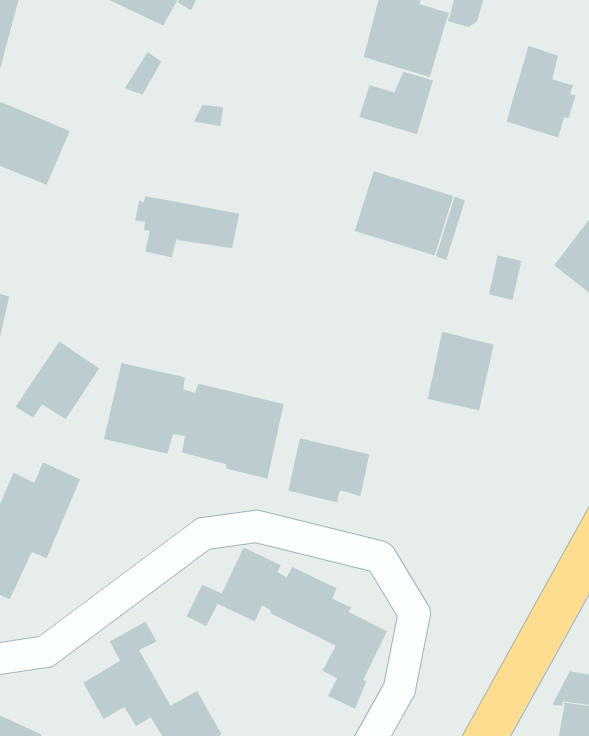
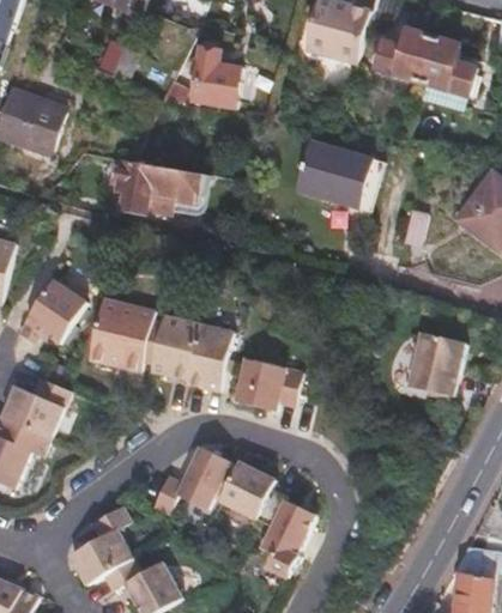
building: none -> [194,49,242,107]
building: [358,71,434,135] -> [371,32,433,84]
building: [427,331,495,411] -> [410,329,465,394]

